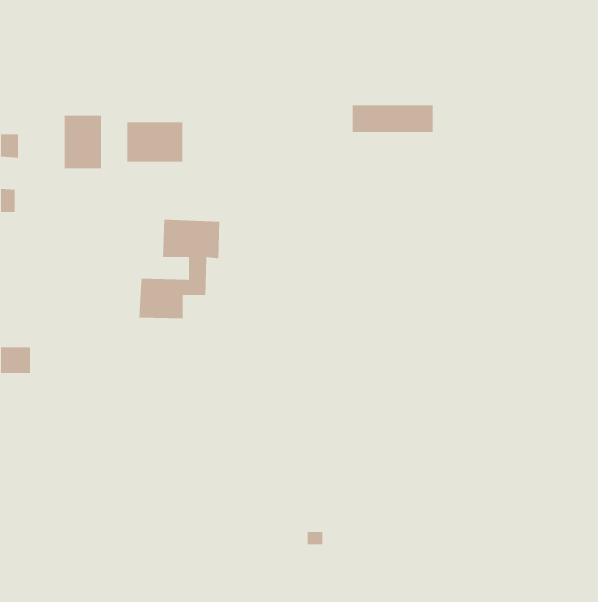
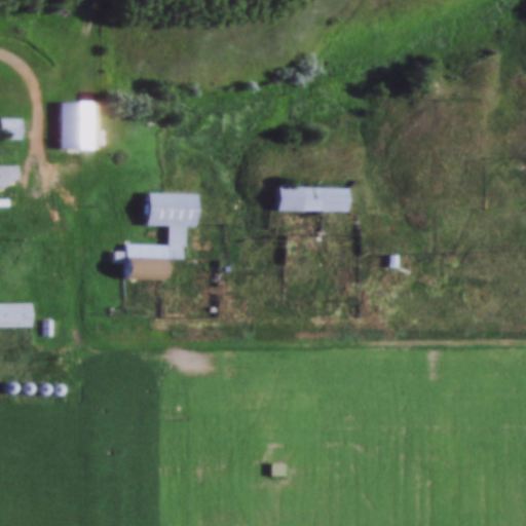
building: [352,104,433,133] -> [278,187,349,212]
building: [127,122,183,162] -> none

